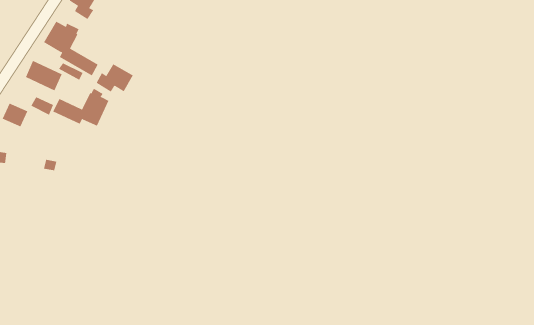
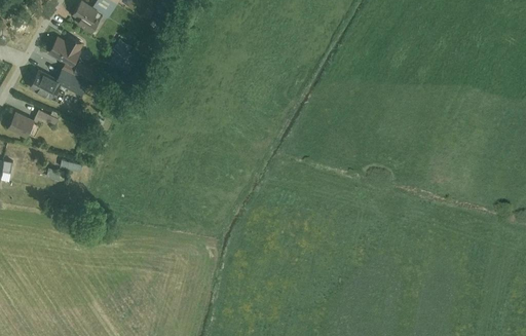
building: [96,64,134,92] -> none
building: [53,88,109,127] -> none

